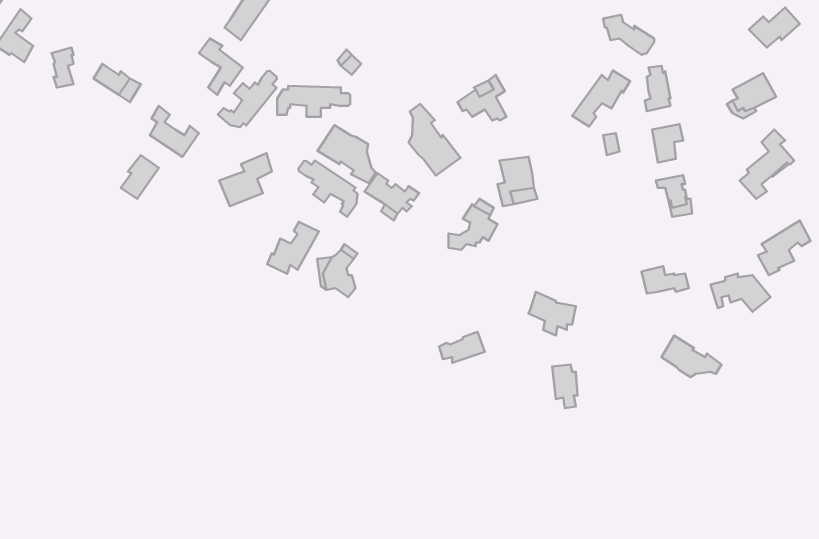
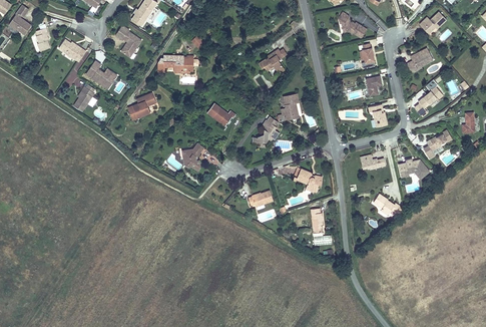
building: [572,70,630,127] -> none
building: [218,71,277,127] -> none
building: [409,104,461,175] -> none
building: [318,125,376,183] -> none
building: [299,160,358,217] -> none
building: [267,222,319,274] -> none

